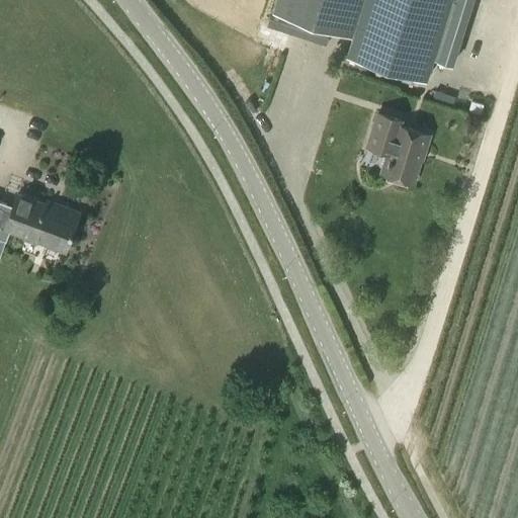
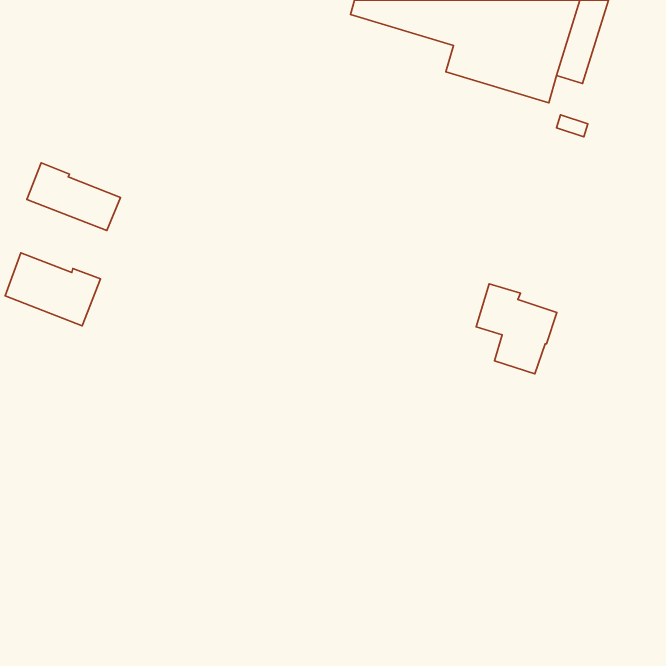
building: [366,114,429,184] -> [476,284,557,374]
building: none -> [27,163,121,231]

